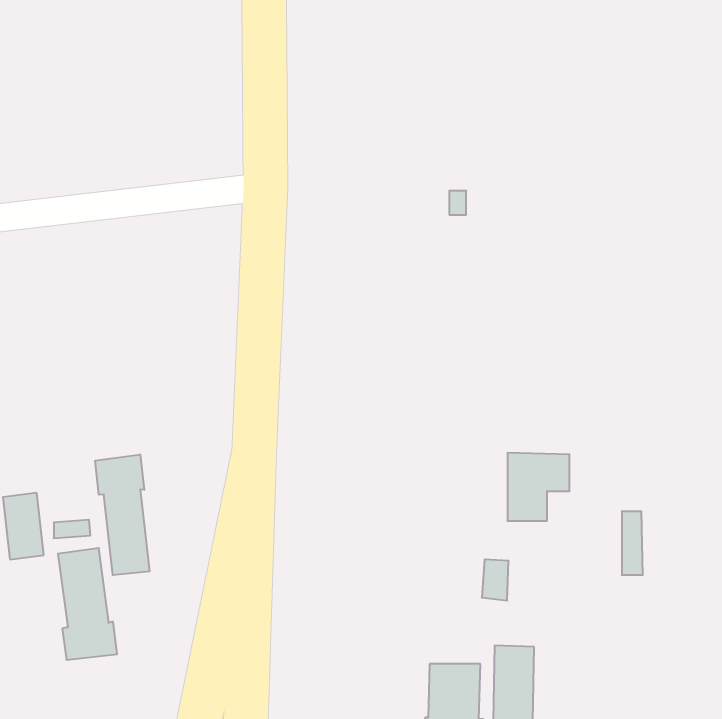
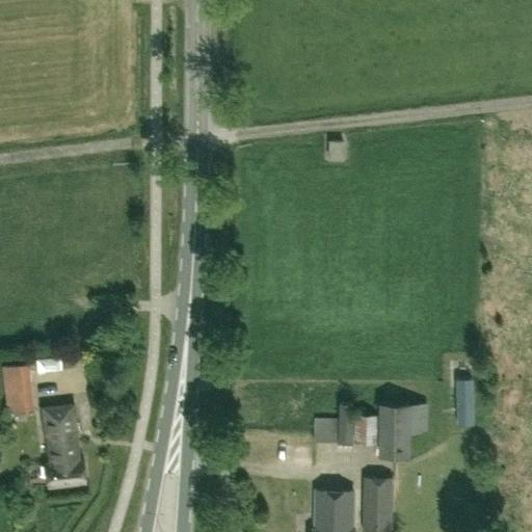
building: [507,453,570,521] -> [380,404,426,454]
building: [95,454,149,575] -> none
building: none -> [314,403,353,444]

